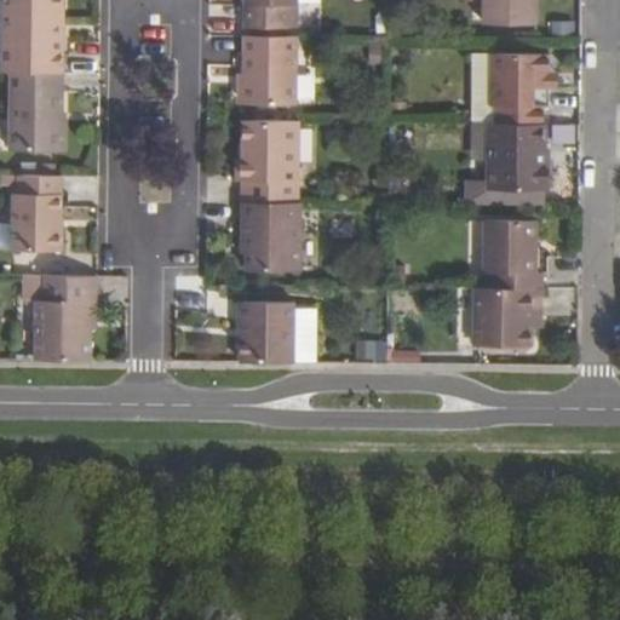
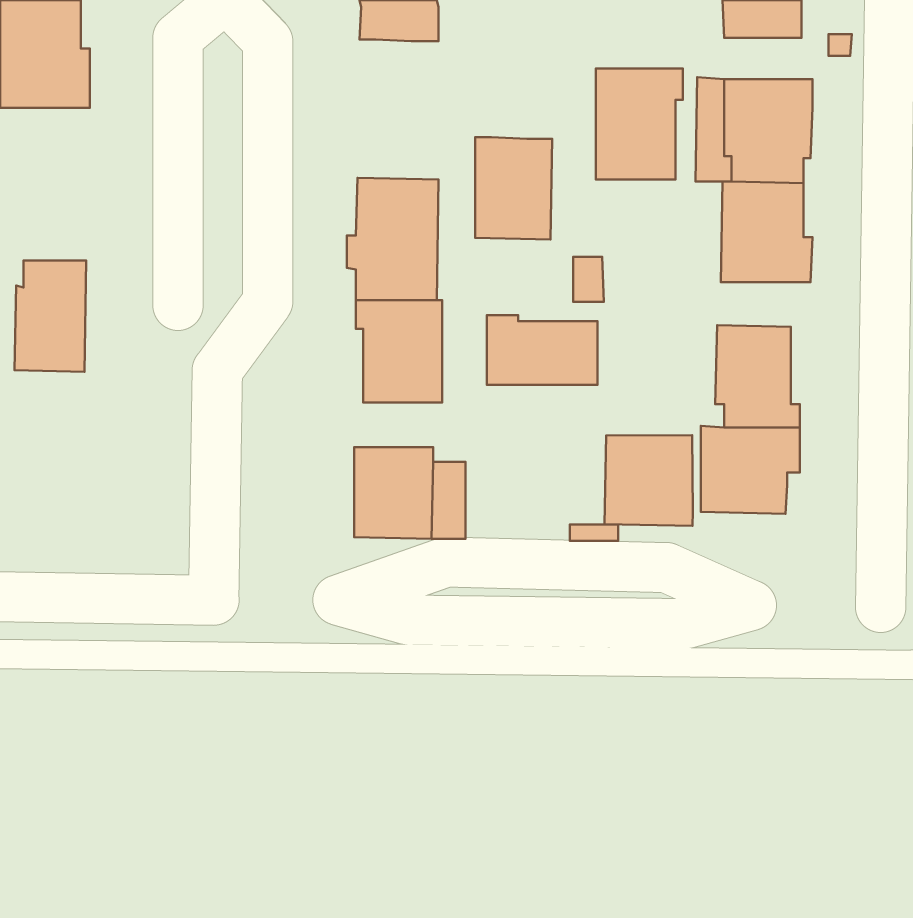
building: [242,35,294,104] -> [475,137,552,240]
building: none -> [596,69,683,179]
building: [8,73,61,151] -> none
building: none -> [487,315,598,385]
building: [22,275,88,361] -> none
building: none -> [605,435,693,526]

